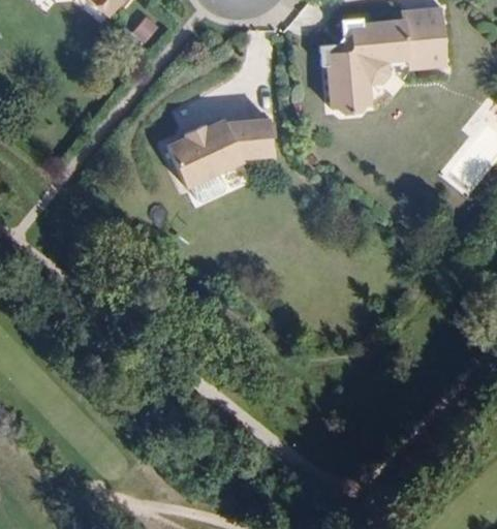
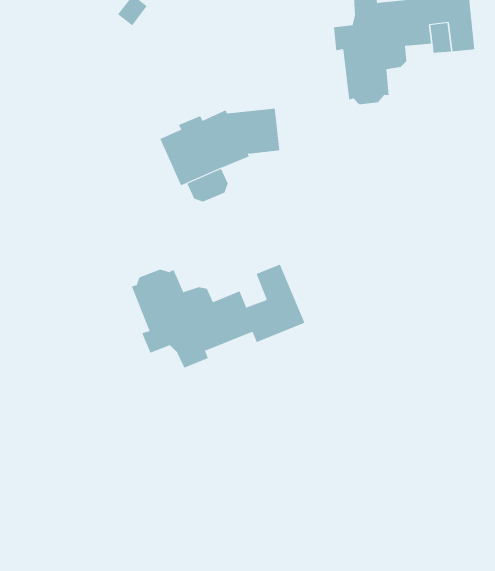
building: none -> [131,264,305,368]

